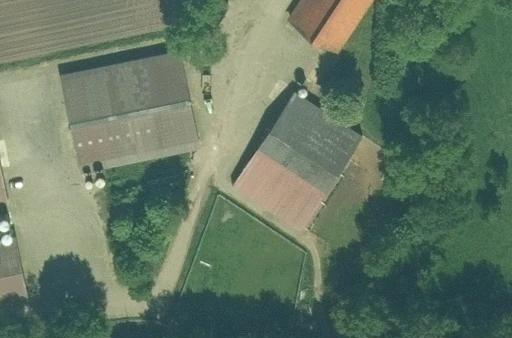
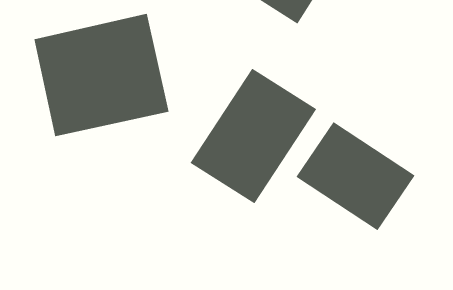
building: none -> [295,121,416,231]

